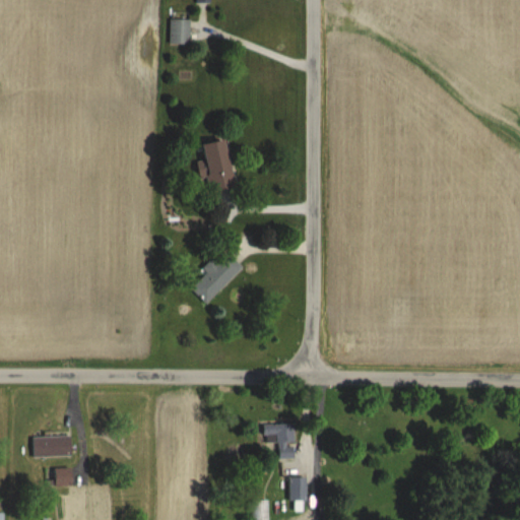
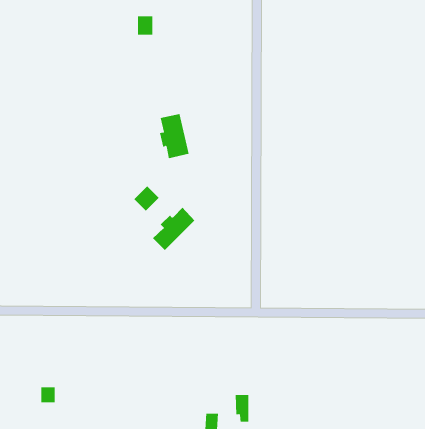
building: none -> [134,186,160,212]
building: [263,425,296,458] -> none
building: [35,437,73,457] -> none

